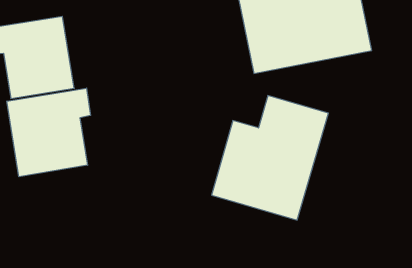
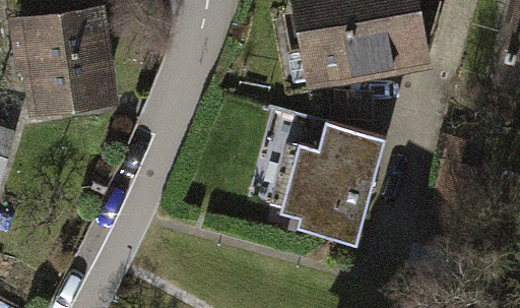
building: [7,88,91,177] -> none

